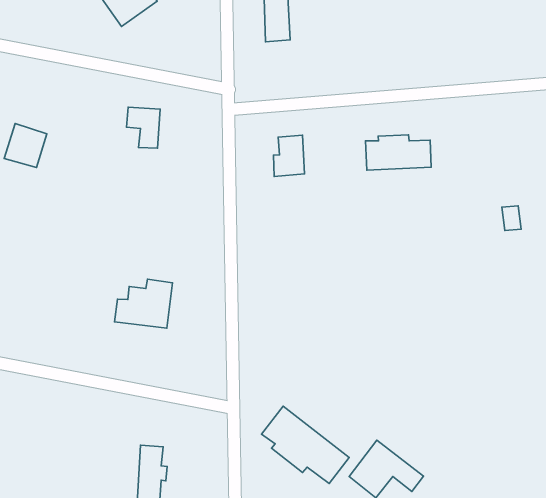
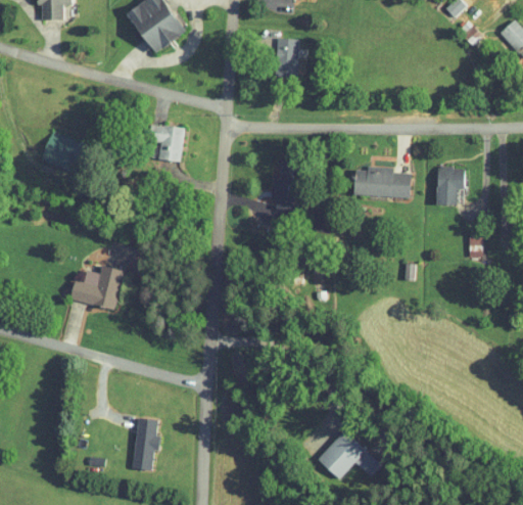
building: none -> [437,167,465,205]
building: [114,279,173,328] -> [70,265,124,309]
building: [261,406,349,483] -> none

